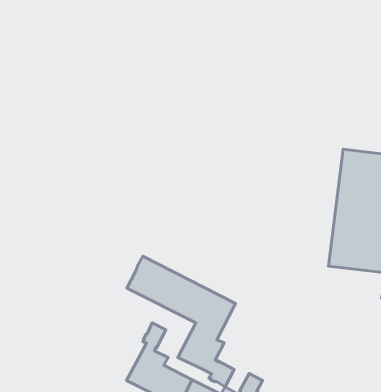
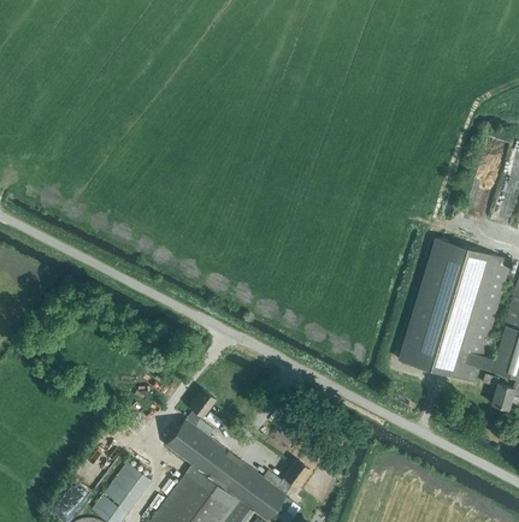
building: [127,256,236,387] -> none

